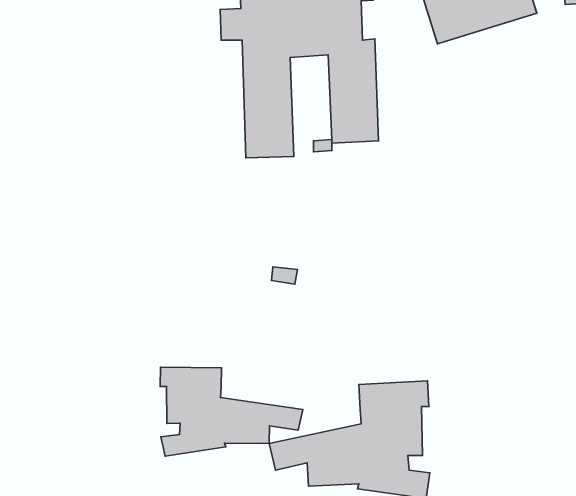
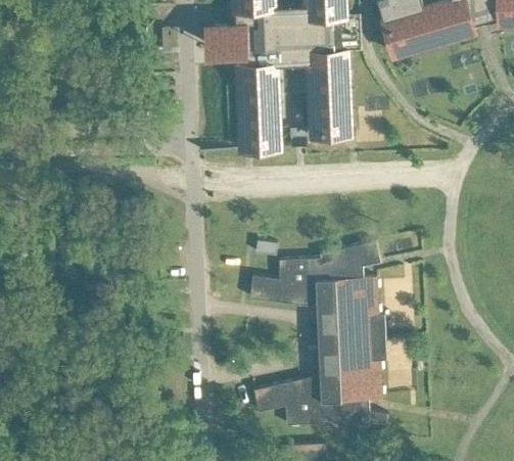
building: none -> [251,239,387,339]
building: [160,367,303,456] -> none

